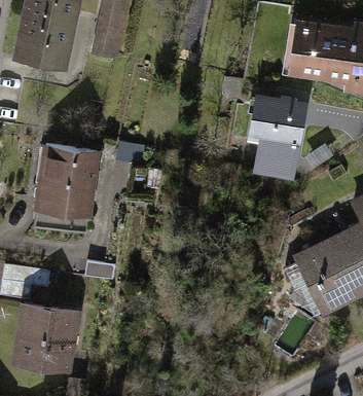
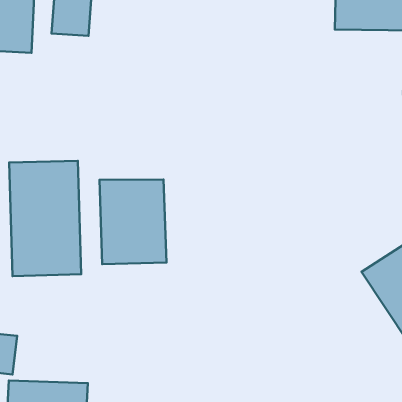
building: [252,97,308,181] -> none
building: none -> [99,180,166,264]

